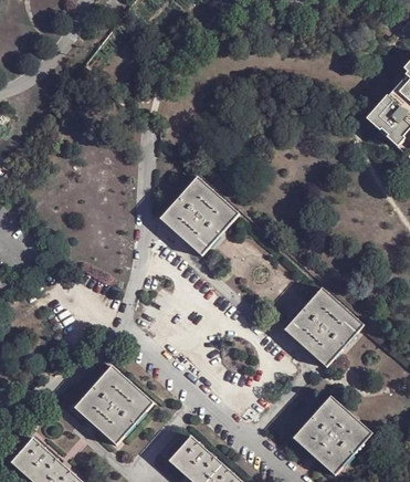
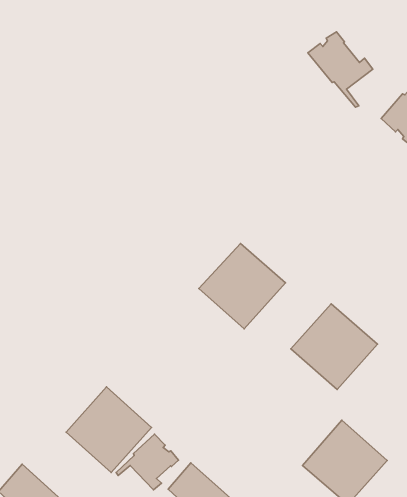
building: none -> [308,32,373,107]
building: [158,176,239,255] -> [199,243,286,329]
building: none -> [116,434,179,490]

